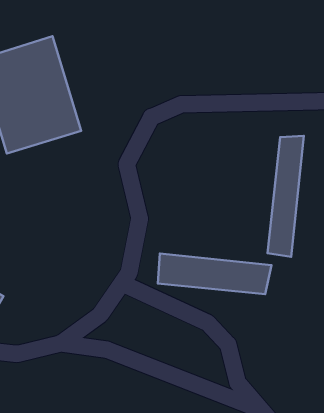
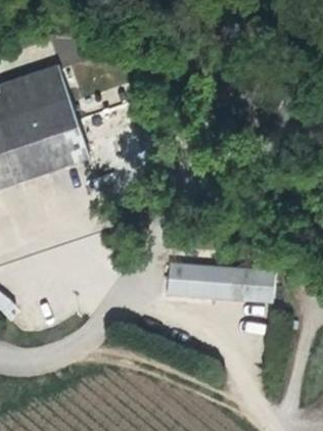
building: [267,136,304,257] -> none

